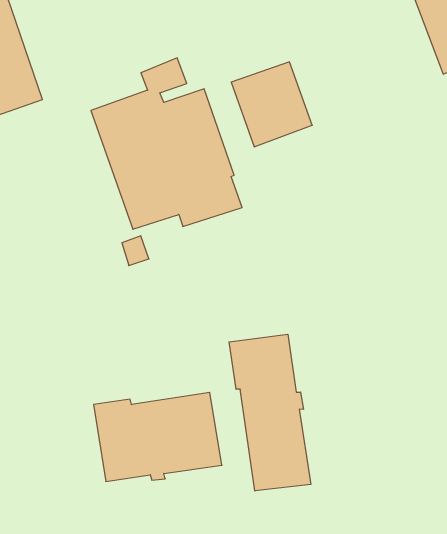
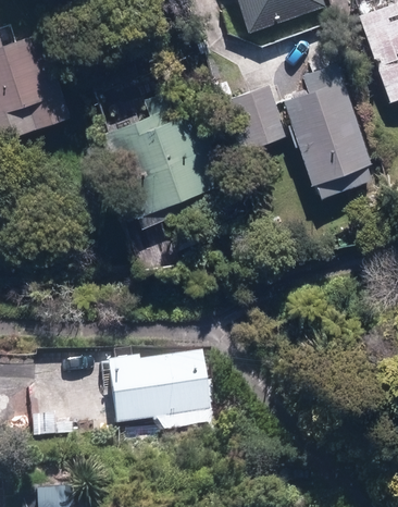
building: none -> [282,57,373,193]
building: [229,334,311,491] -> none

